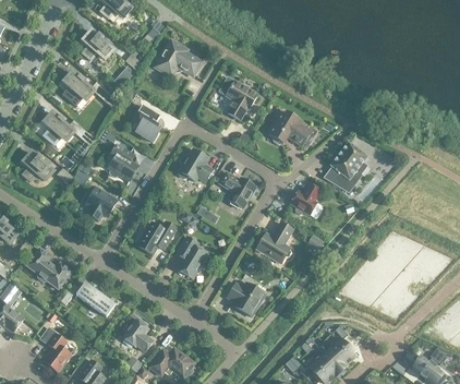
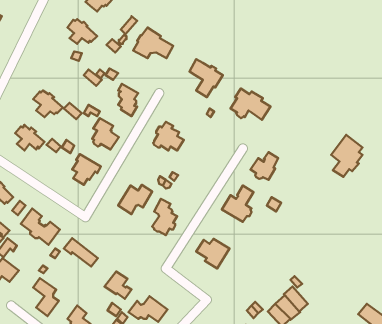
building: [60,72,94,100] -> none
building: [330,142,366,190] -> [331,135,362,177]
building: [219,171,255,208] -> none

